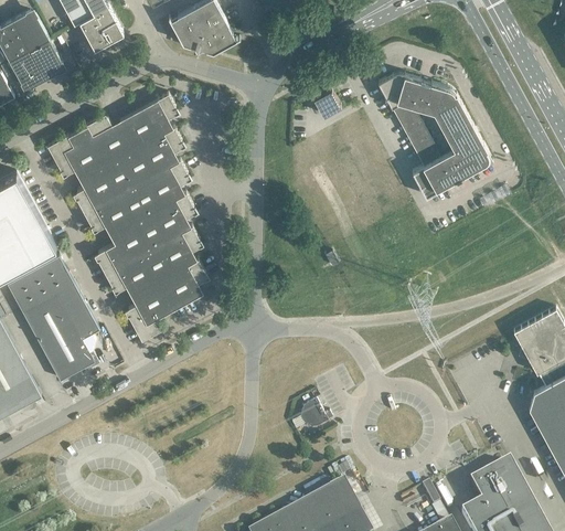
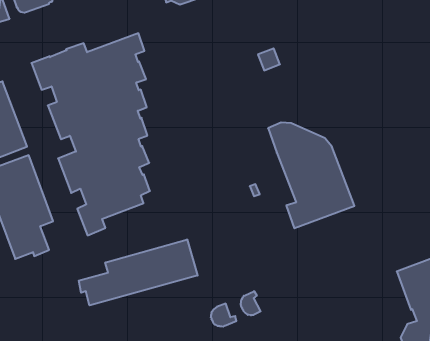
building: [379,73,493,197] -> [268,123,354,228]
building: none -> [79,239,198,305]
building: none -> [241,291,261,315]

